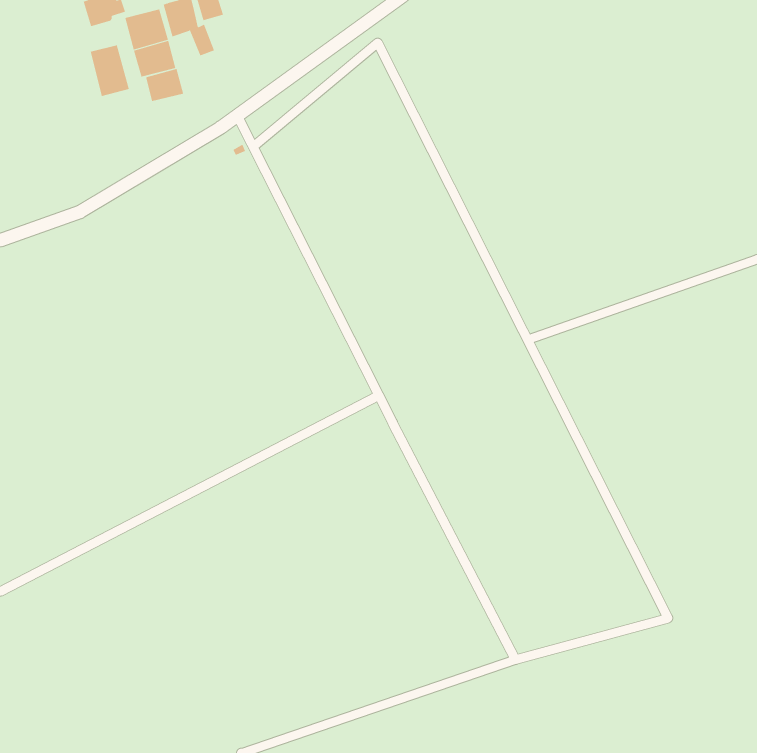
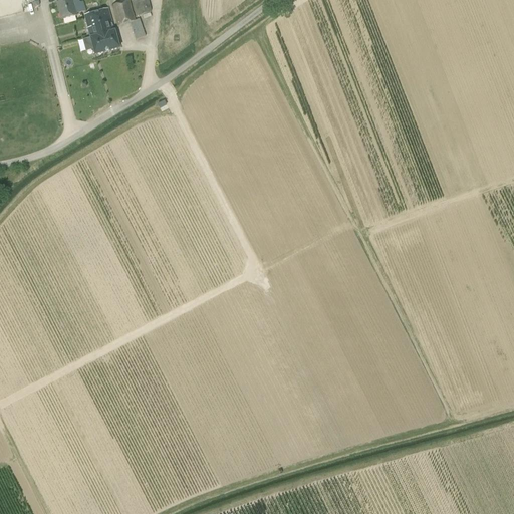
building: [90,44,130,97] -> none
building: [146,68,184,102] -> none

